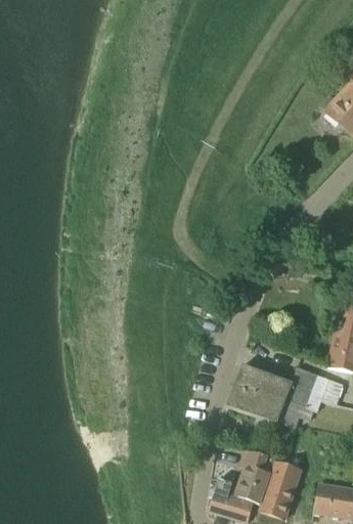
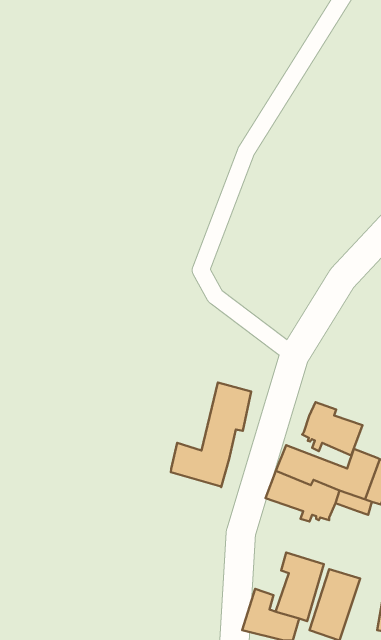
building: none -> [171,383,251,487]
building: none -> [302,402,363,455]

